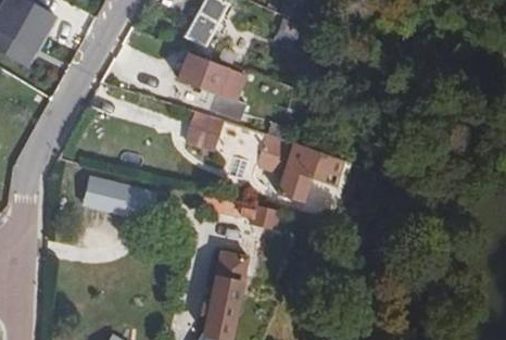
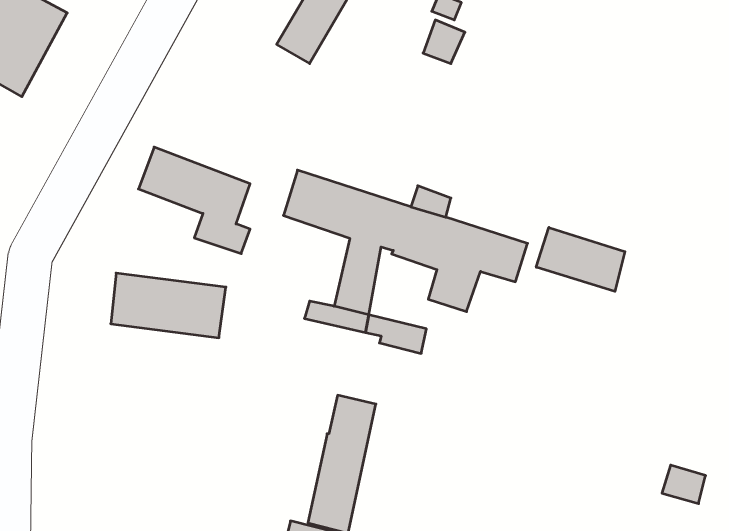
building: [177,53,246,119] -> [138,147,250,254]
building: none -> [536,227,625,291]

